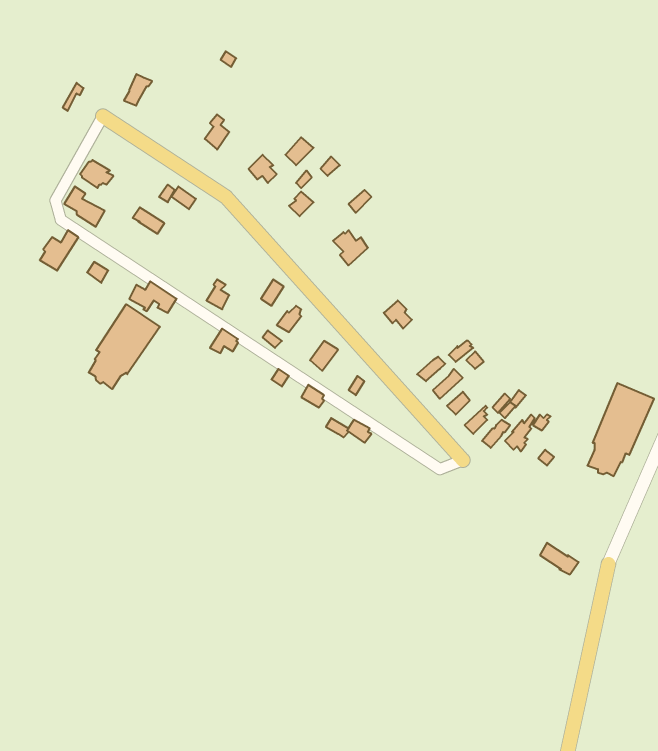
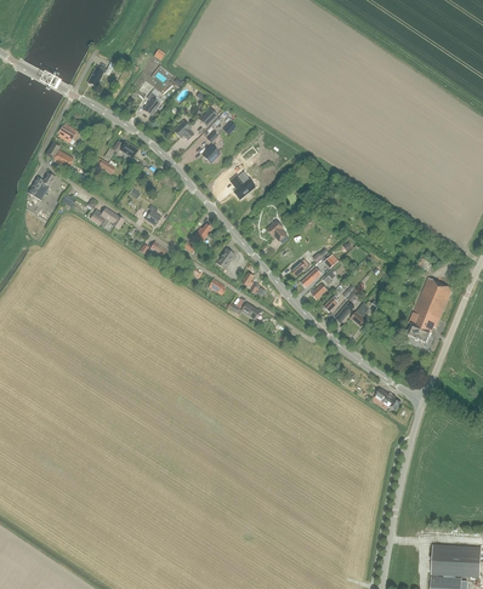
building: [89,304,160,389] -> none

